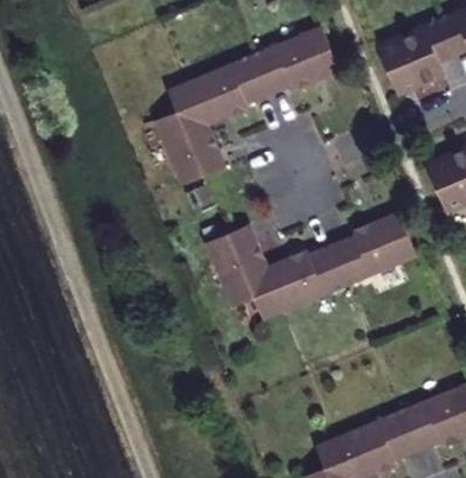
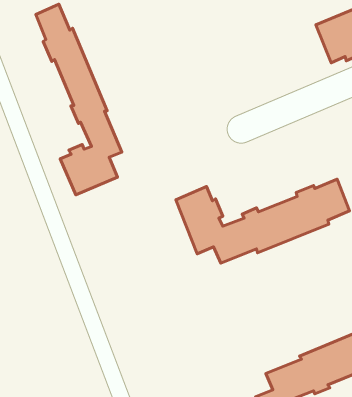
building: none -> [36,4,122,195]
building: [164,34,339,185] -> none

